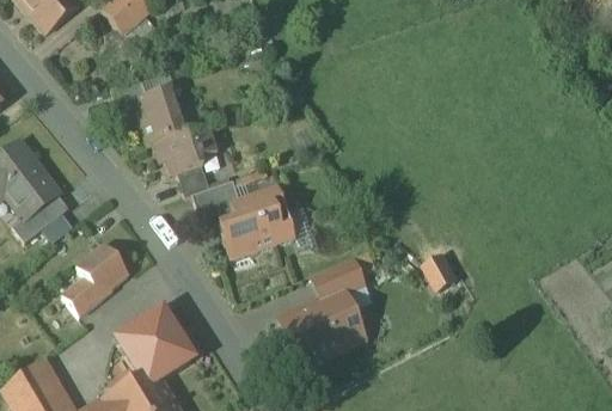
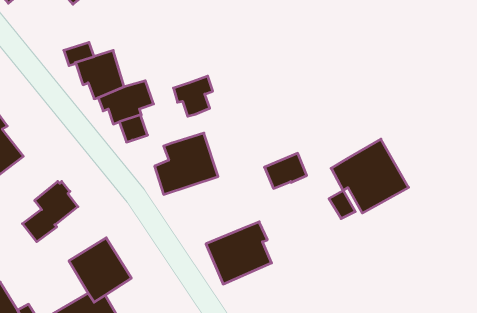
building: [194,179,240,227] -> [173,76,213,116]
building: none -> [331,139,409,213]
building: [313,257,363,299] -> [264,153,307,188]

